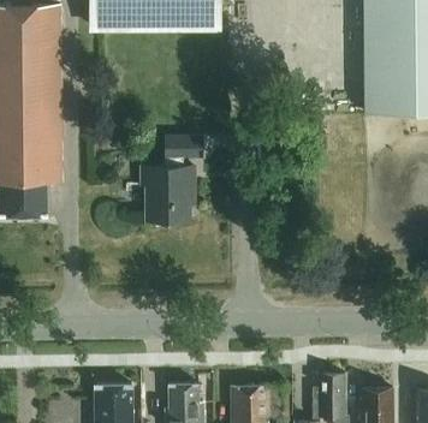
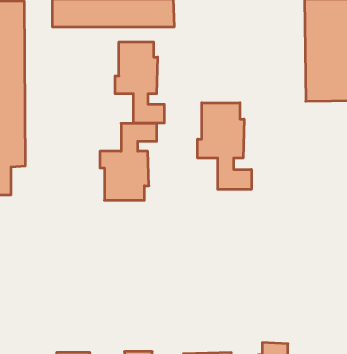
building: none -> [115,42,164,123]
building: none -> [198,103,251,189]

